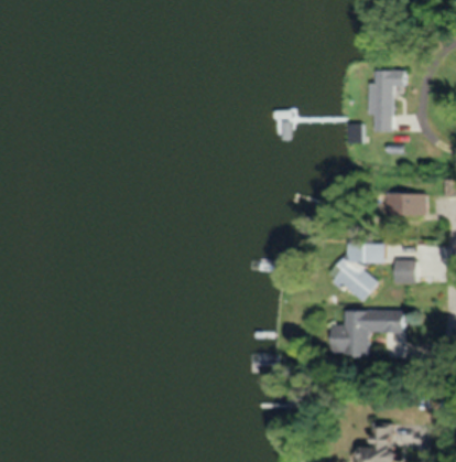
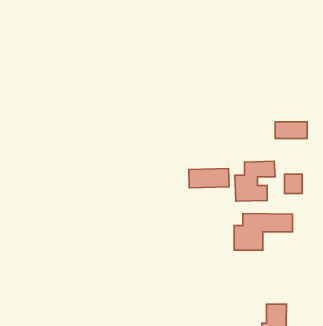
building: [373,71,404,131] -> none
building: none -> [189,168,229,188]

